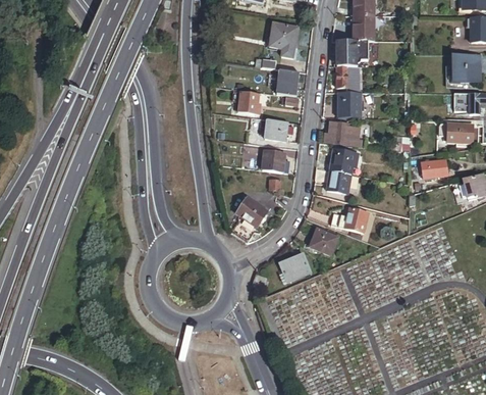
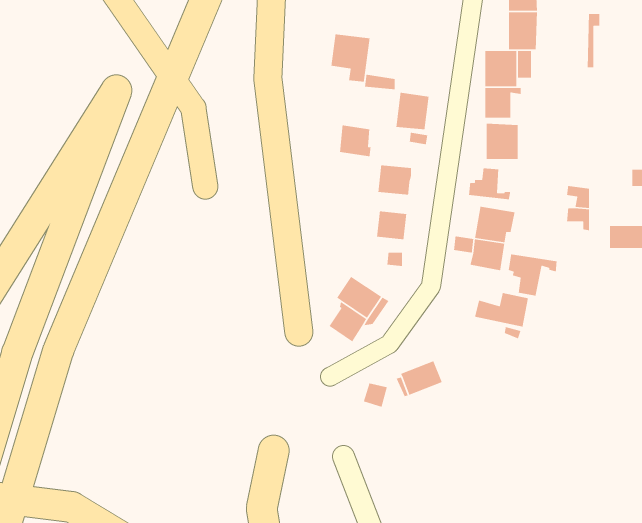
building: [269,22,296,56] -> [330,34,371,82]
building: none -> [508,254,558,297]
building: [309,227,337,253] -> none

